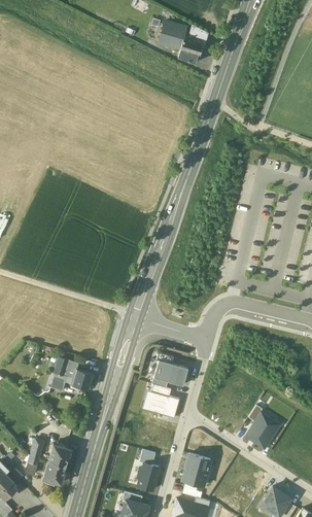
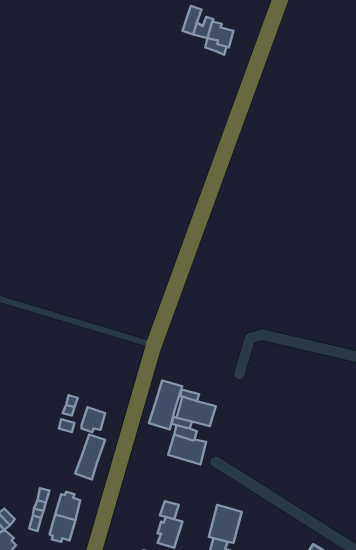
building: none -> [149,381,182,429]
building: none -> [75,435,105,479]
building: [244,412,274,449] -> none

